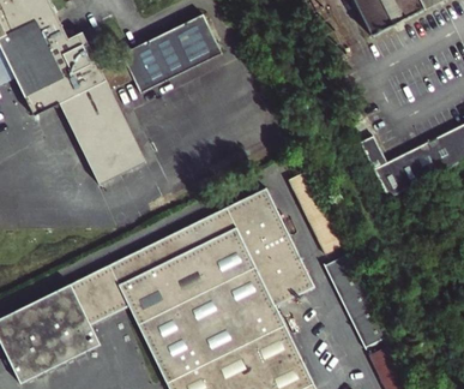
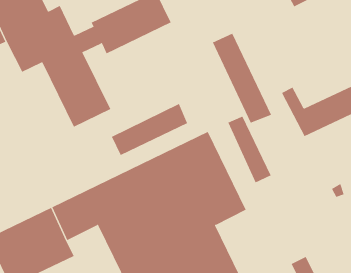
building: none -> [212,33,272,124]
building: none -> [111,103,188,156]
building: [326,251,385,342] -> none

